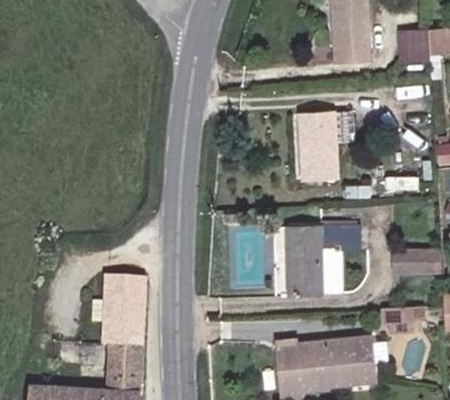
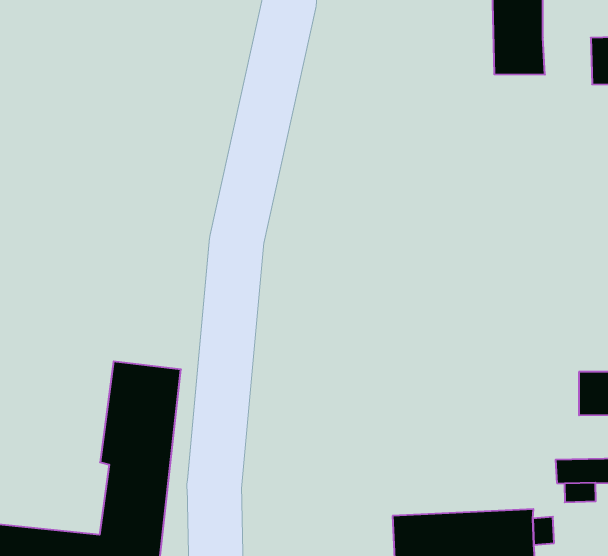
building: [302,116,338,182] -> none
building: [292,230,362,301] -> none

